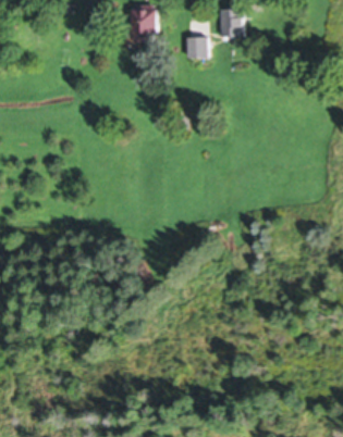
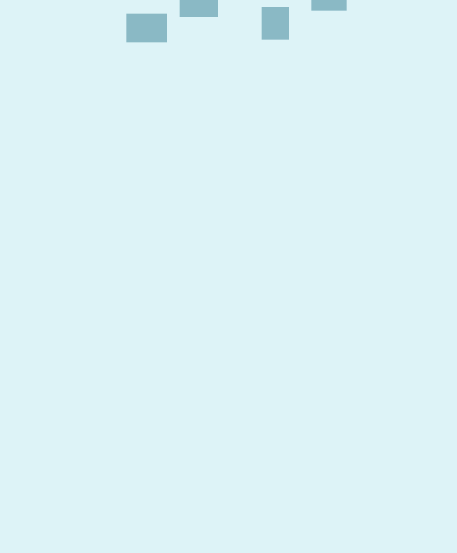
building: none -> [126,13,168,43]

